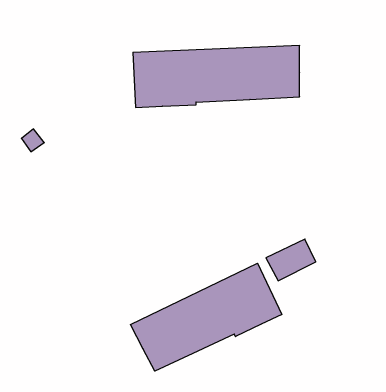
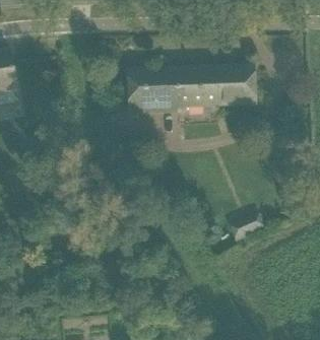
building: [130,263,282,371] -> none

